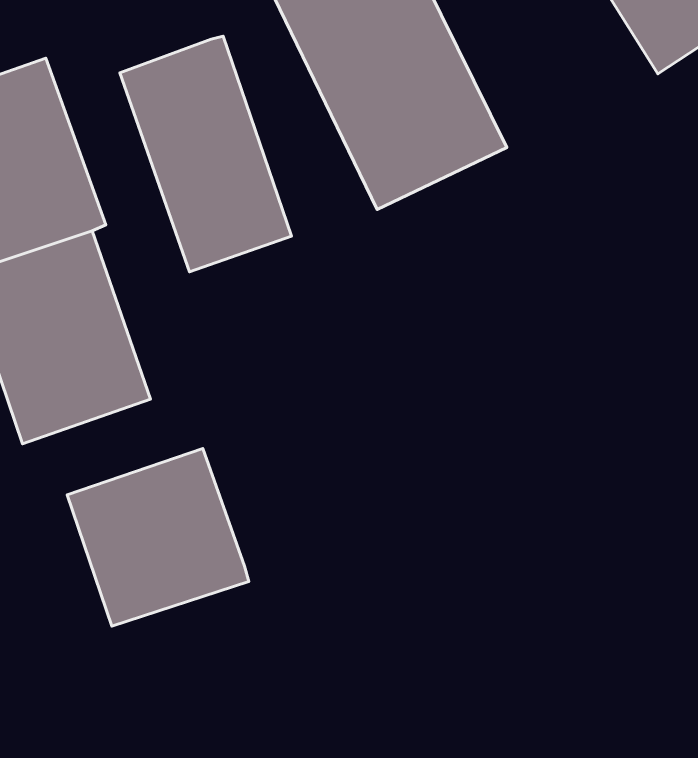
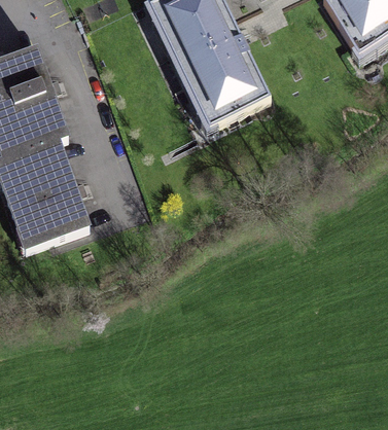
building: [120,36,291,272] -> none
building: [67,449,249,626] -> none

